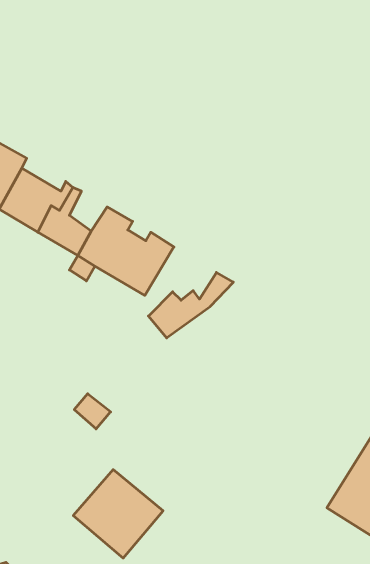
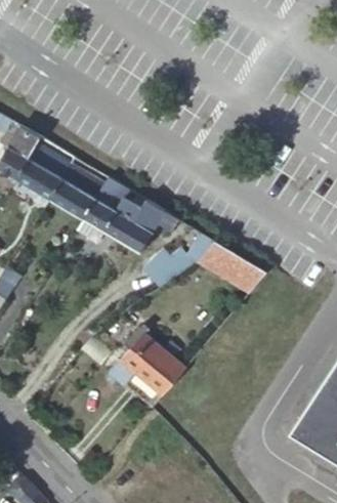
building: none -> [199,243,270,295]
building: [73,470,163,558] -> [113,335,188,410]

